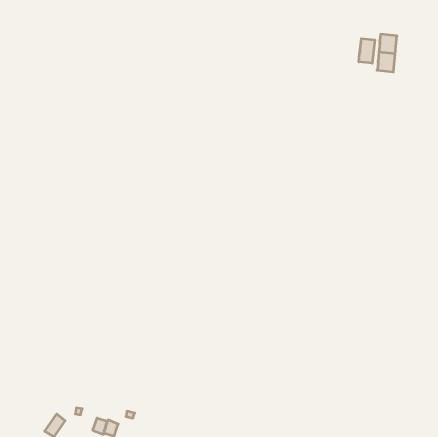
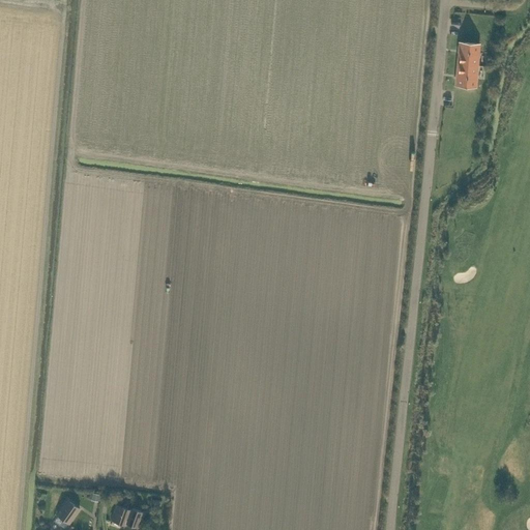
building: [359,39,375,63] -> none

